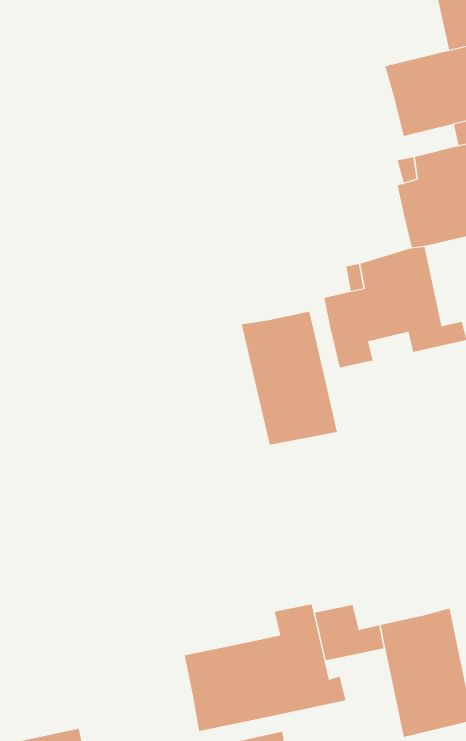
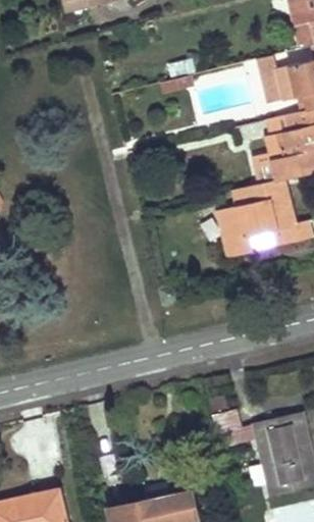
building: [241,311,338,446] -> none
building: [184,604,346,732] -> none

